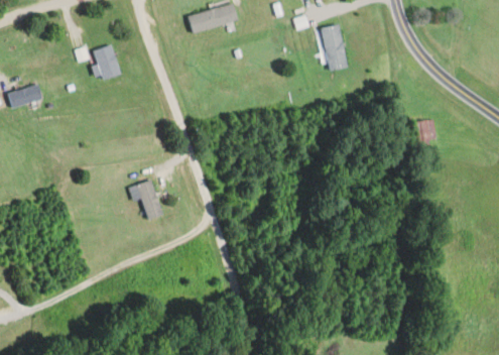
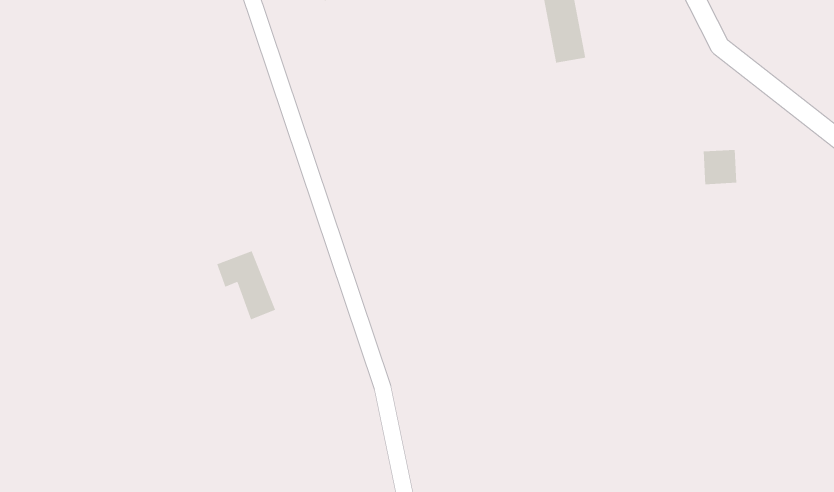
building: [94,44,122,80] -> none
building: [7,84,43,108] -> none

